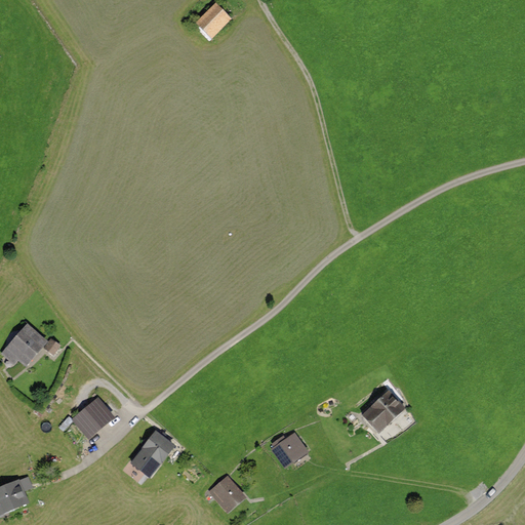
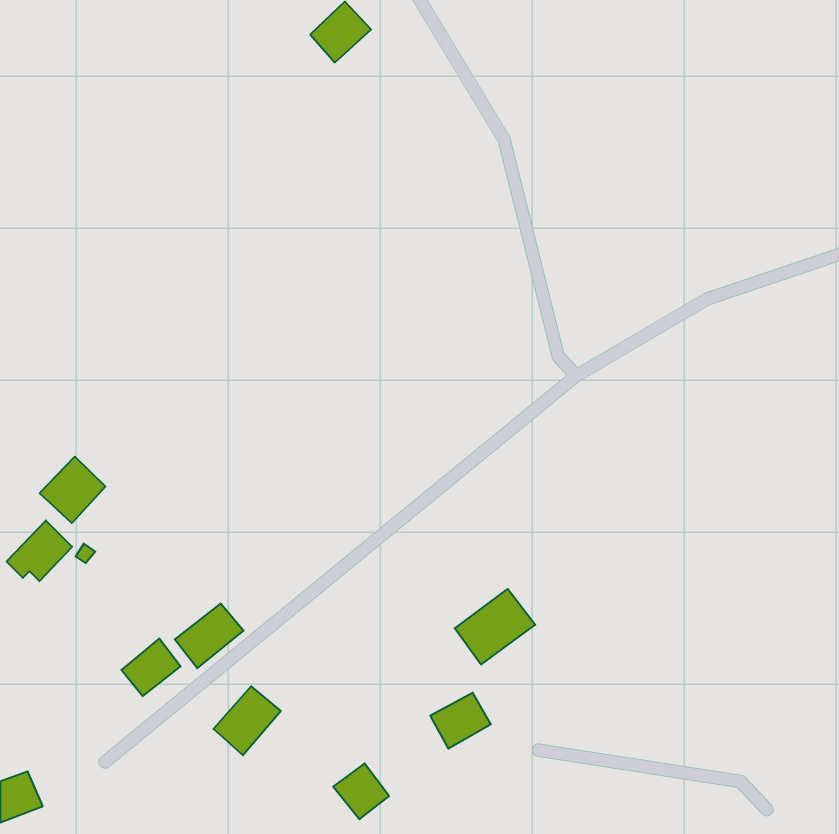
building: none -> [40,457,105,523]
building: none -> [175,603,244,668]
building: [357,388,407,435] -> [455,589,535,664]

